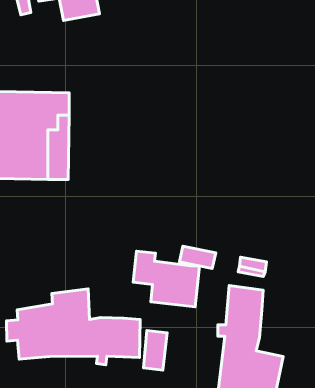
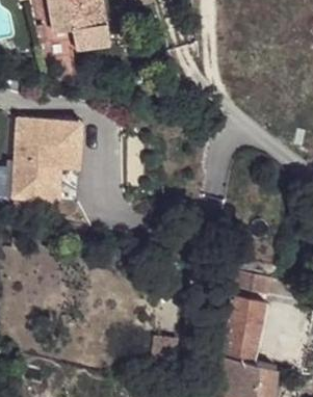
building: [133,251,200,307] -> none
building: [6,289,140,365] -> none

